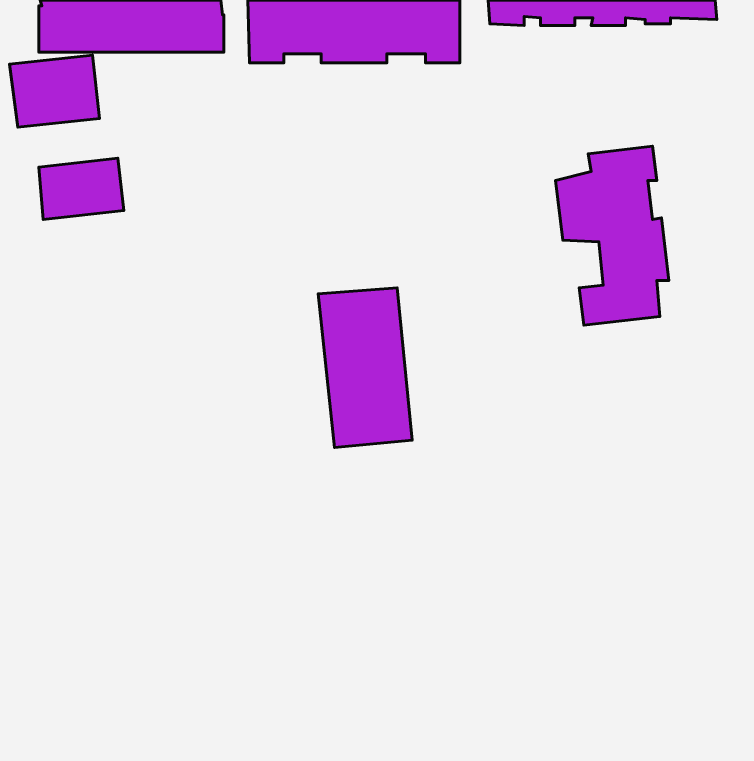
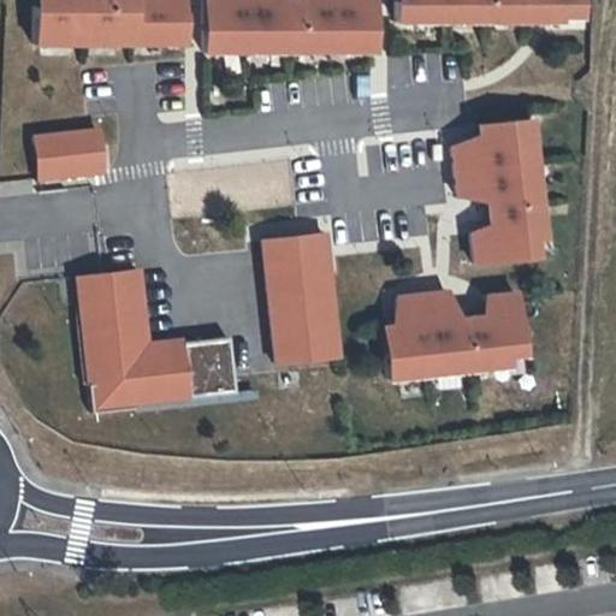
building: [9,55,100,127] -> none
building: none -> [83,270,239,413]
building: none -> [386,291,527,379]

